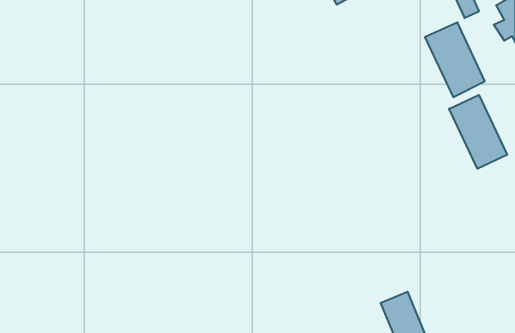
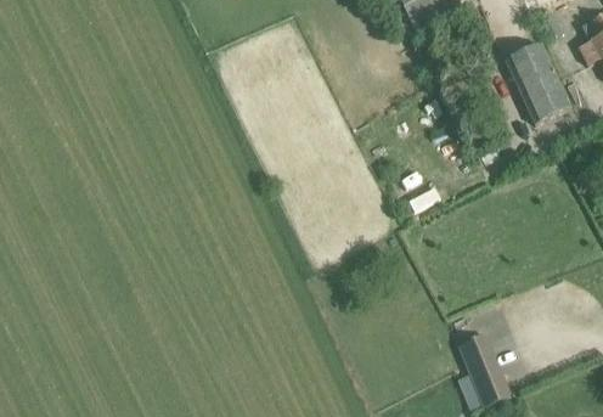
building: [449,95,507,169] -> none

